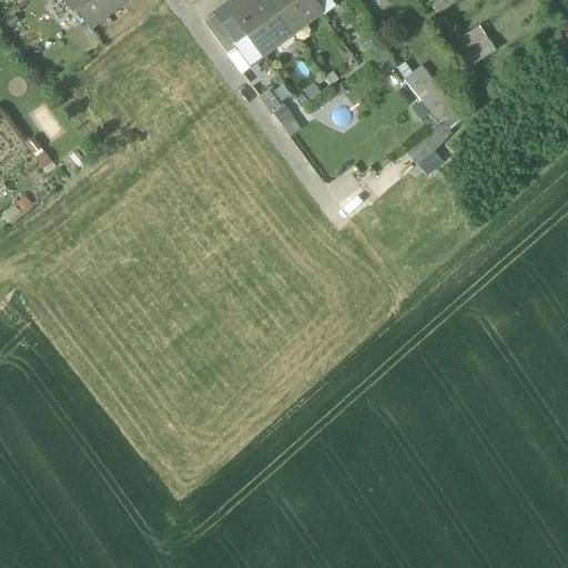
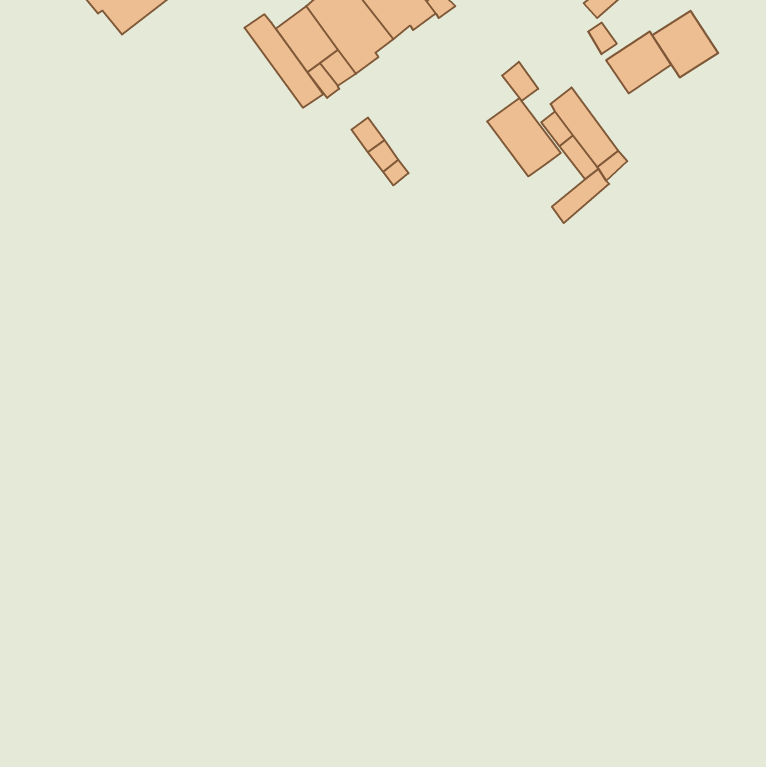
building: none -> [652,11,718,78]
building: none -> [244,14,323,108]
building: none -> [487,98,561,176]

